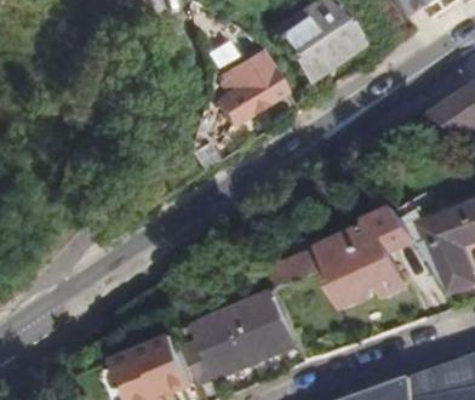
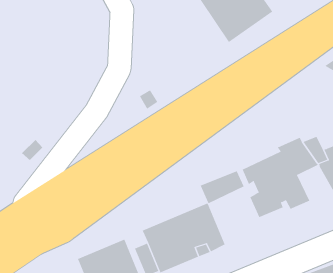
building: [213,50,284,125] -> none

